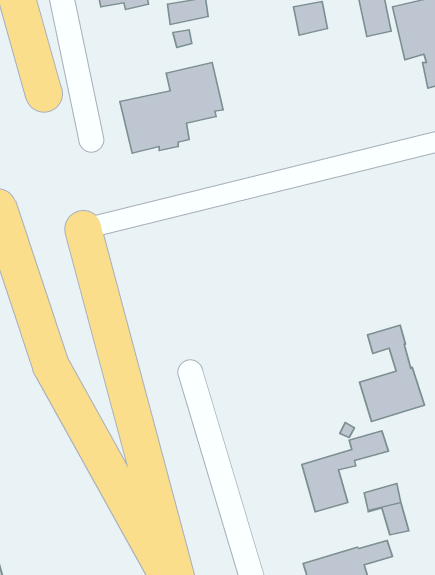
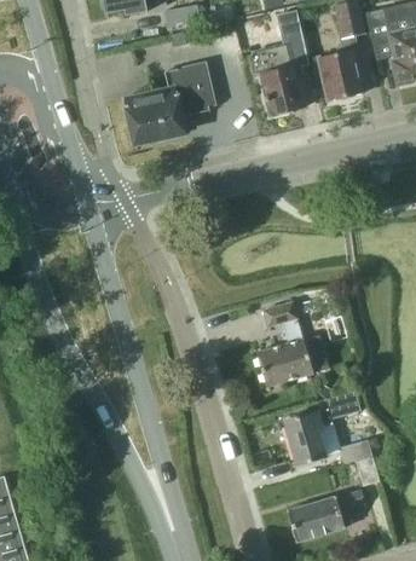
building: none -> [249,44,302,116]
building: none -> [318,45,363,100]
building: [359,325,425,421] -> [255,301,313,387]

